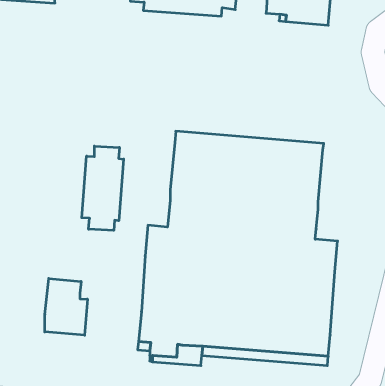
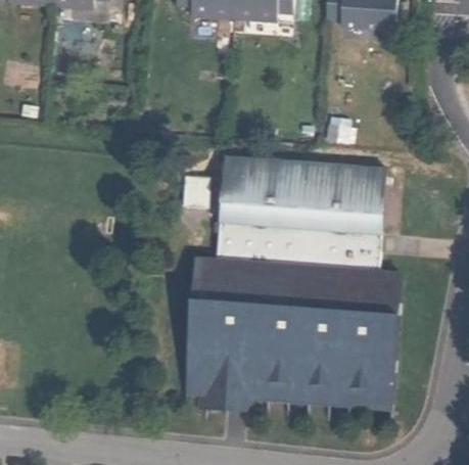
building: [82,146,124,230] -> none
building: [45,278,87,335] -> none

